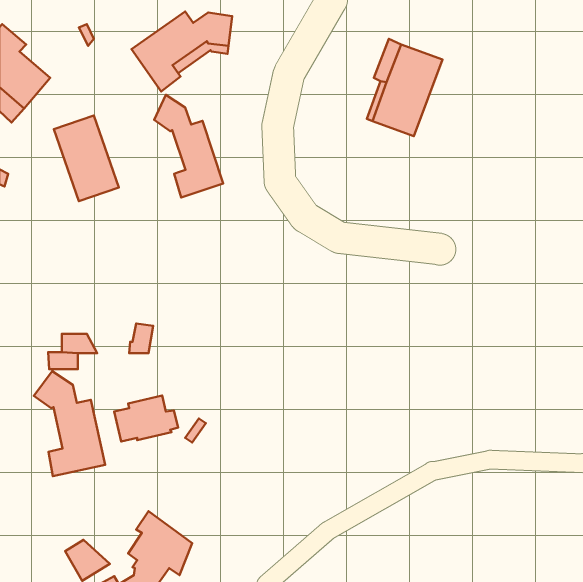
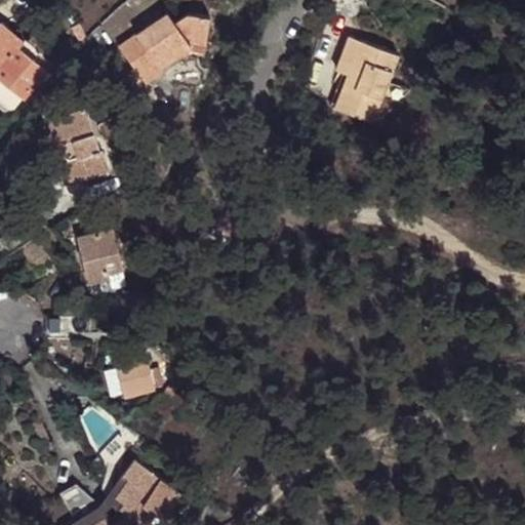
building: [154,95,223,197] -> none
building: none -> [77,229,125,293]
building: [34,371,105,476] -> none

